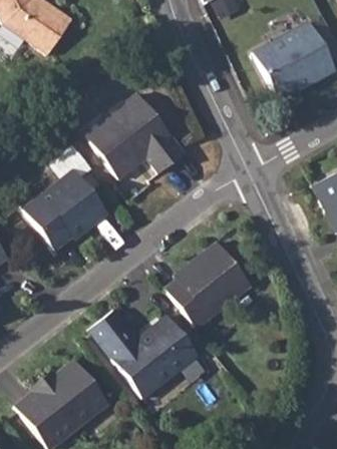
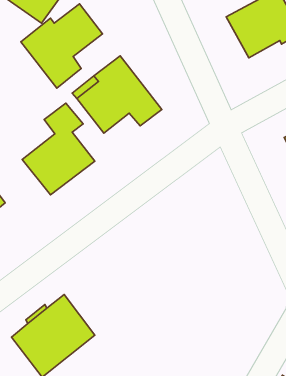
building: none -> [21,4,102,88]
building: [165,242,249,324] -> none
building: [87,310,196,397] -> none

